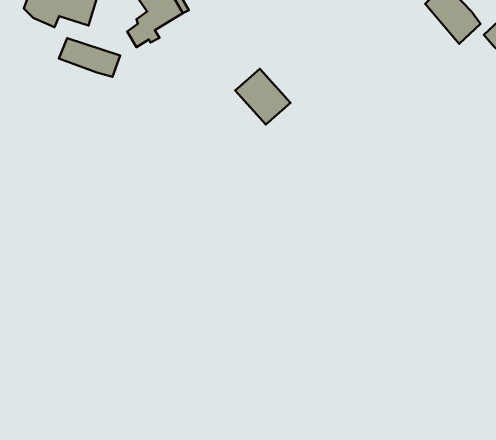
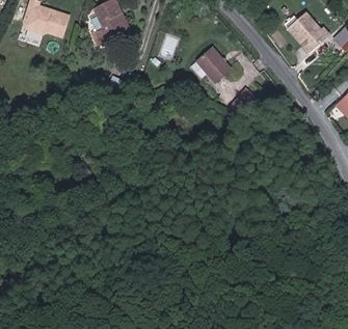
building: [59,38,120,77] -> none
building: [235,69,291,124] -> [195,47,233,84]

